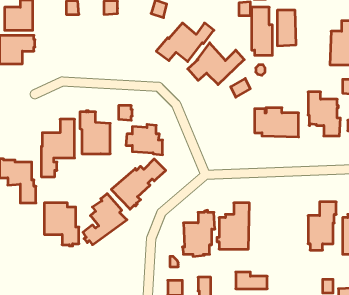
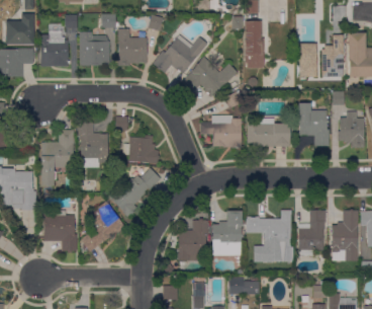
building: [277,10,296,46] -> [298,43,316,77]
building: none -> [118,28,148,66]
building: none -> [40,30,70,66]
building: none -> [80,31,111,66]
building: none -> [213,115,242,147]
building: none -> [247,210,293,261]

